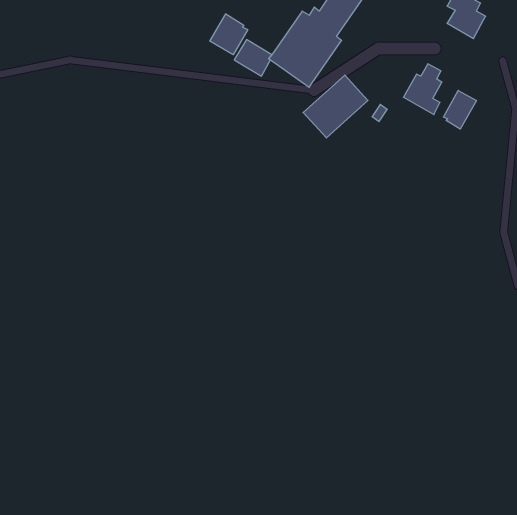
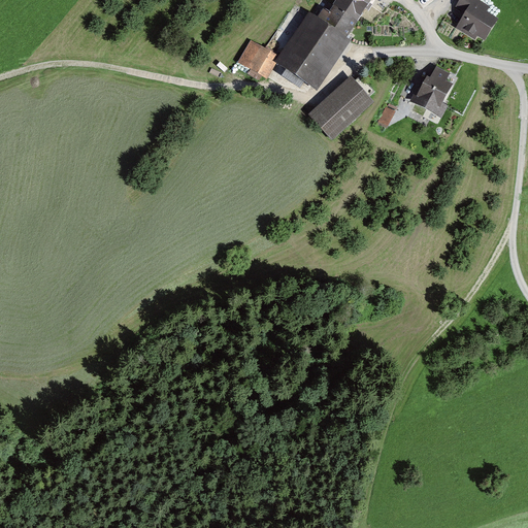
building: [210,14,248,55] -> none
building: [443,90,476,129] -> none

